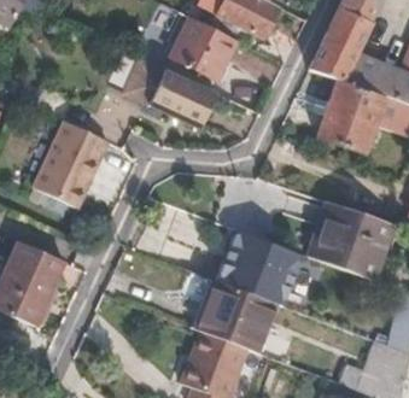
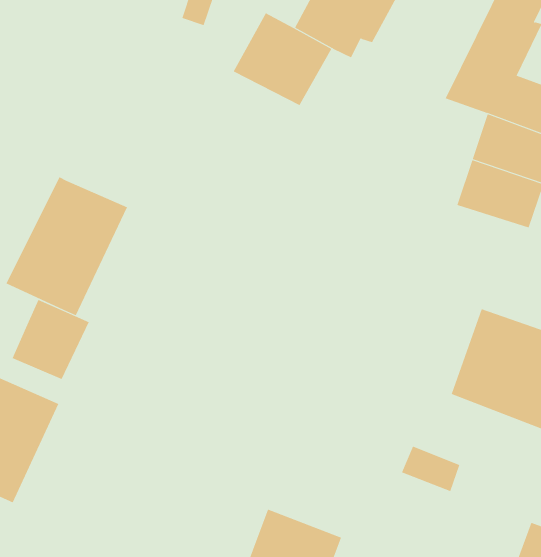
building: [125,55,217,127] -> none
building: none -> [12,299,89,380]
building: [221,232,287,289] -> none
building: [197,280,274,351] -> none

